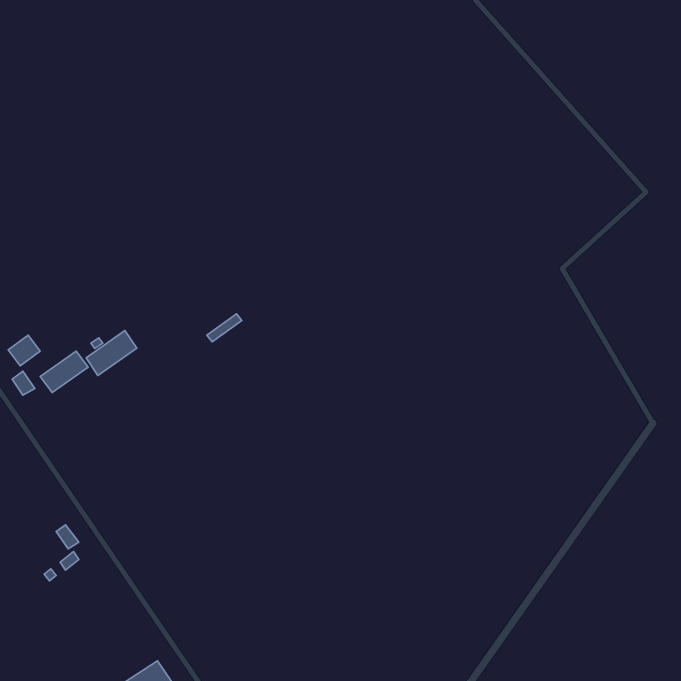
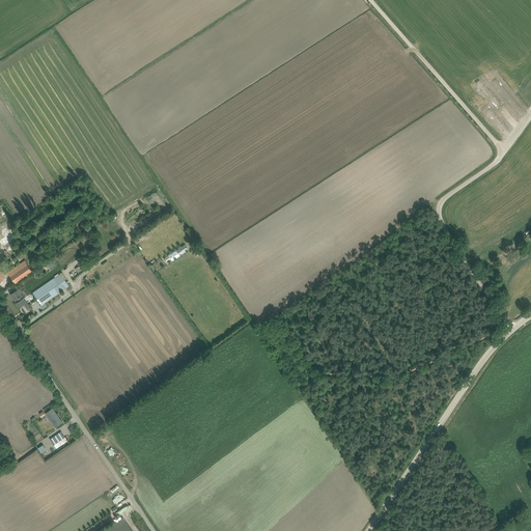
building: [86,330,137,376] -> none

